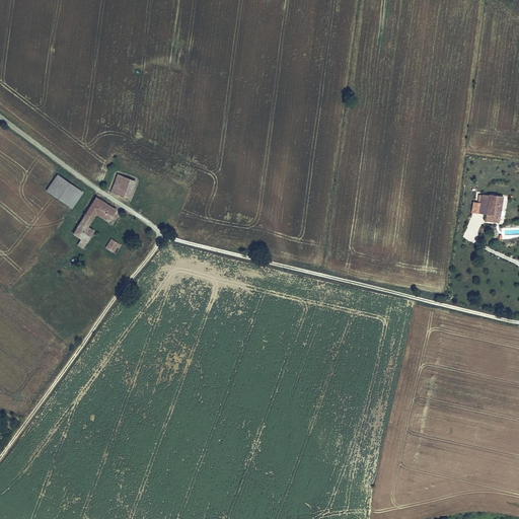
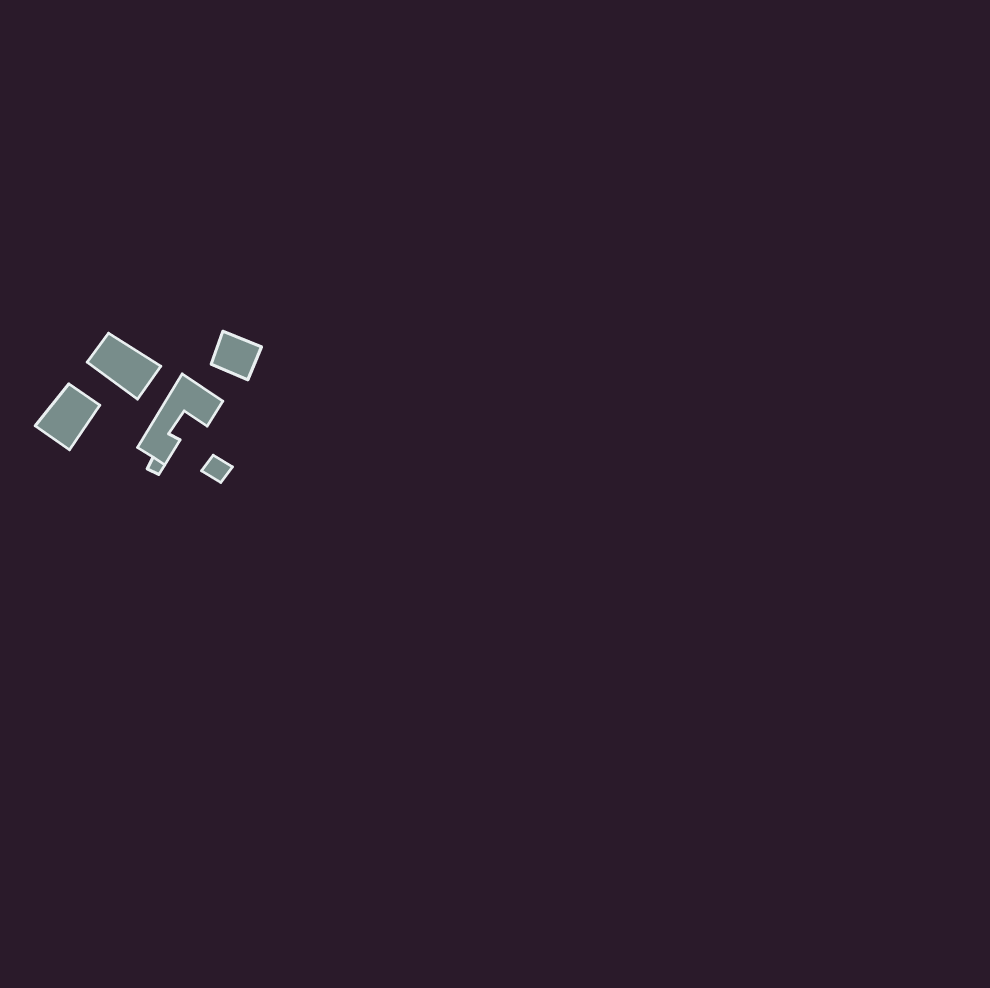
building: [471,191,504,223] -> none
building: none -> [35,384,100,450]

